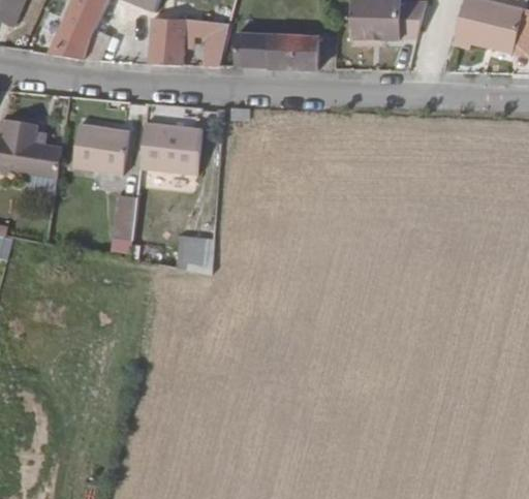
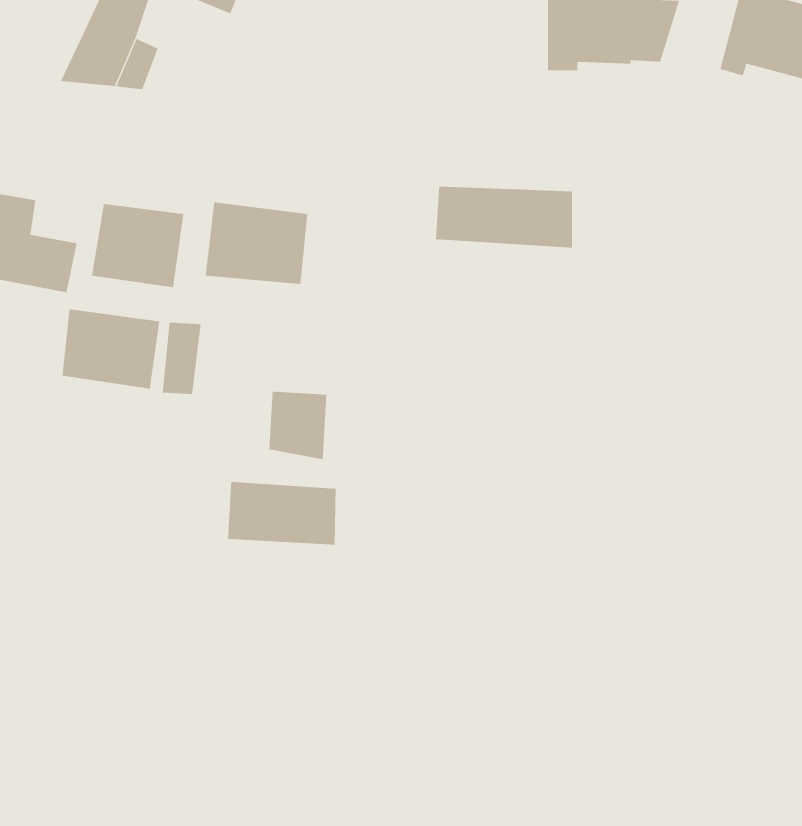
building: [154,17,222,64] -> none
building: [237,32,319,69] -> [435,186,573,248]
building: none -> [62,309,160,389]
building: none -> [227,481,336,545]

